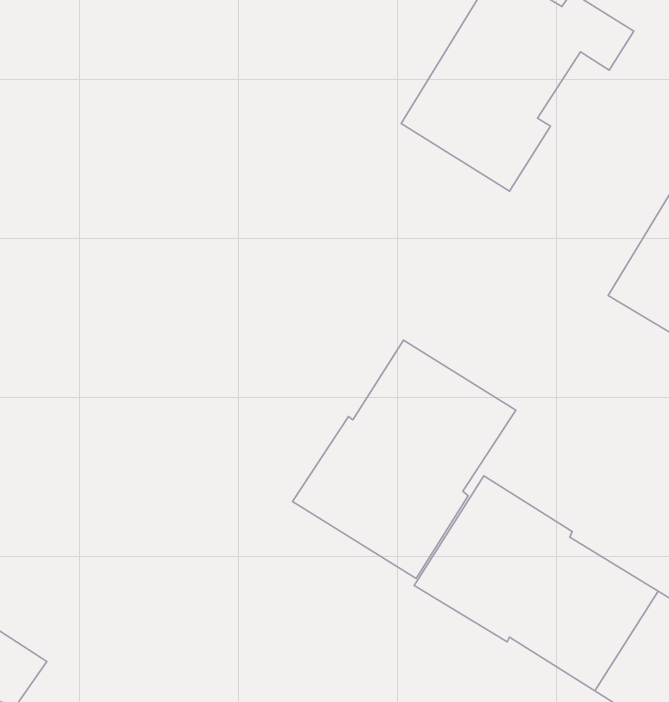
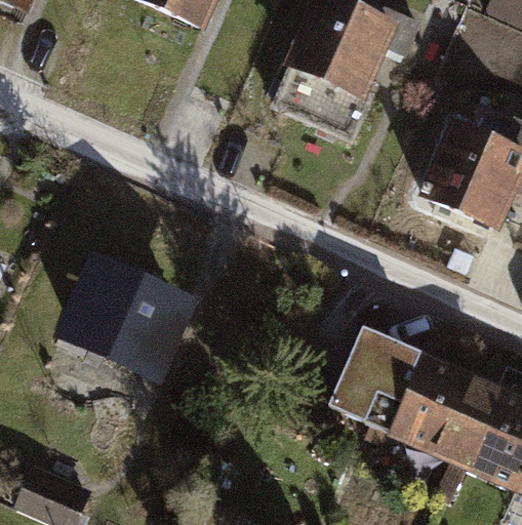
building: none -> [80,271,175,369]
building: [293,340,516,579] -> none

